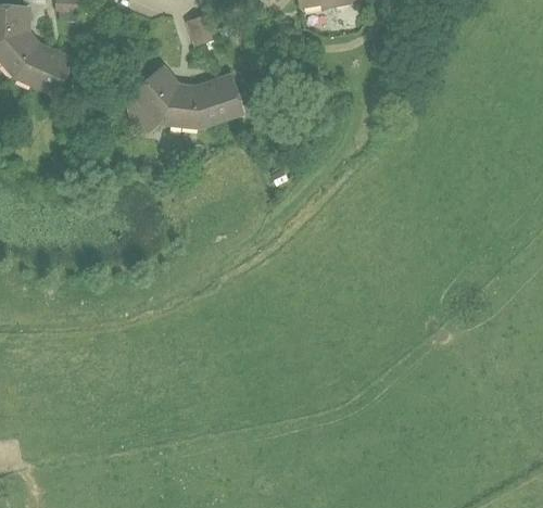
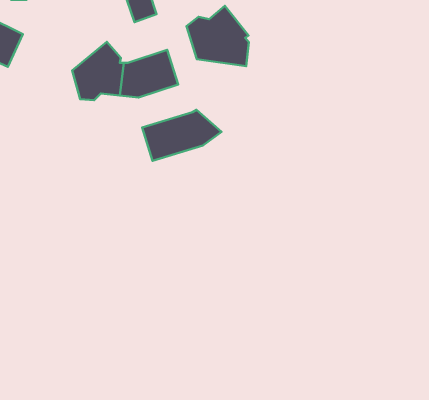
building: none -> [186,6,249,66]
building: none -> [142,110,221,161]

